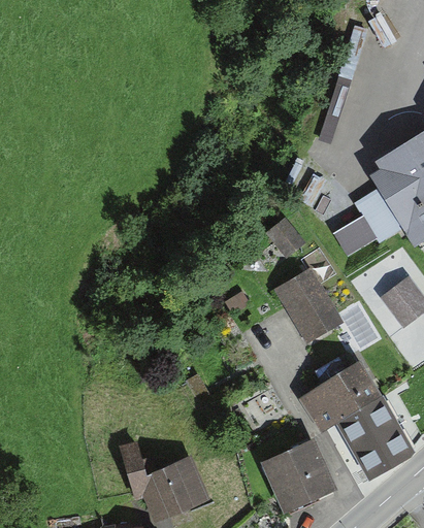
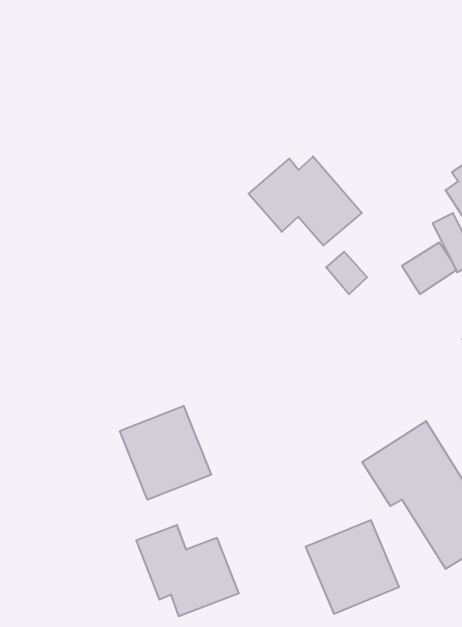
building: none -> [248,156,362,246]
building: [276,266,346,342] -> none
building: none -> [120,406,211,500]

